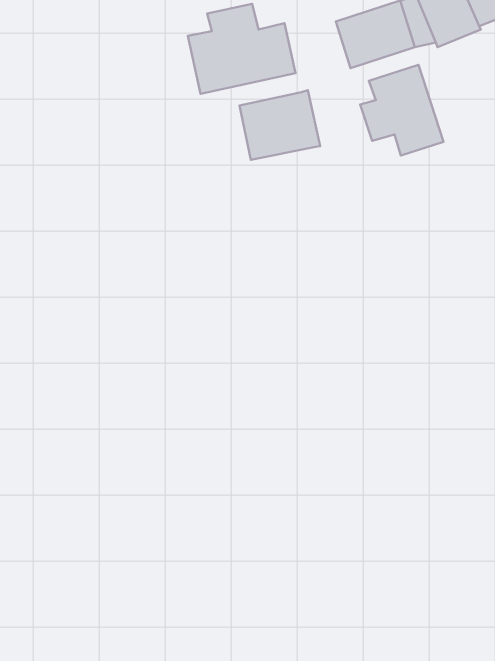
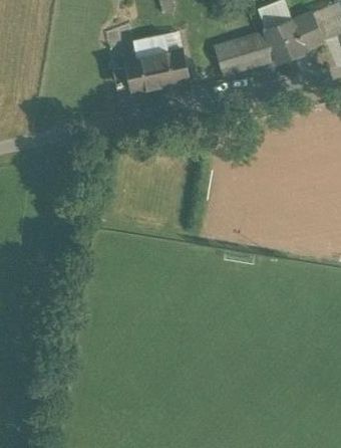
building: [360,65,444,156] -> none
building: [240,90,320,160] -> none

